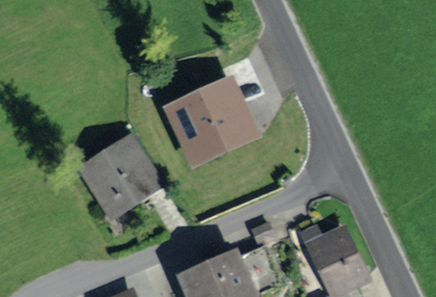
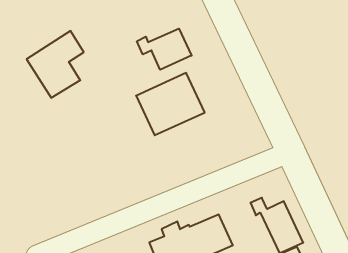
building: none -> [137,29,192,70]
building: [79,138,144,214] -> [27,31,84,98]

